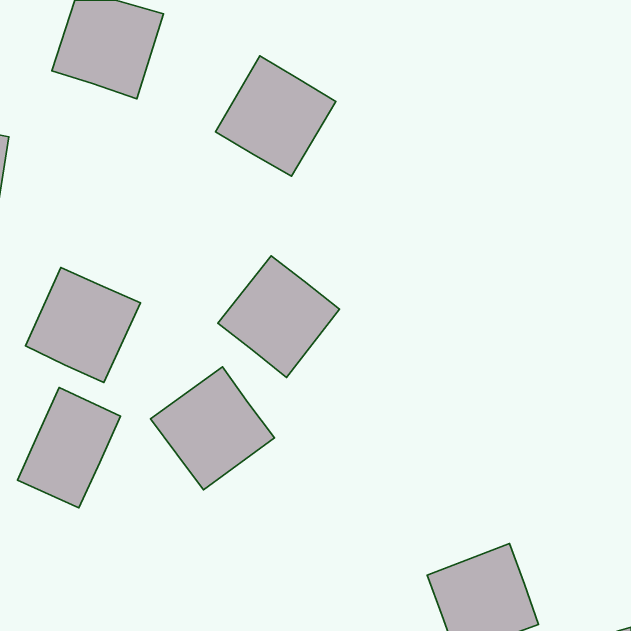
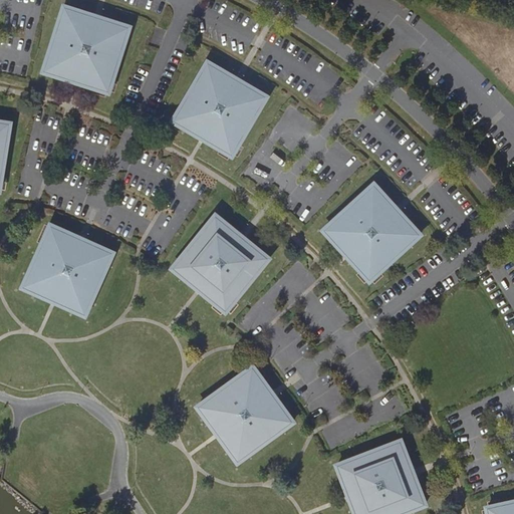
building: none -> [324,184,422,282]
building: [150,367,275,490] -> [196,367,294,465]
building: [18,388,121,508] -> none

